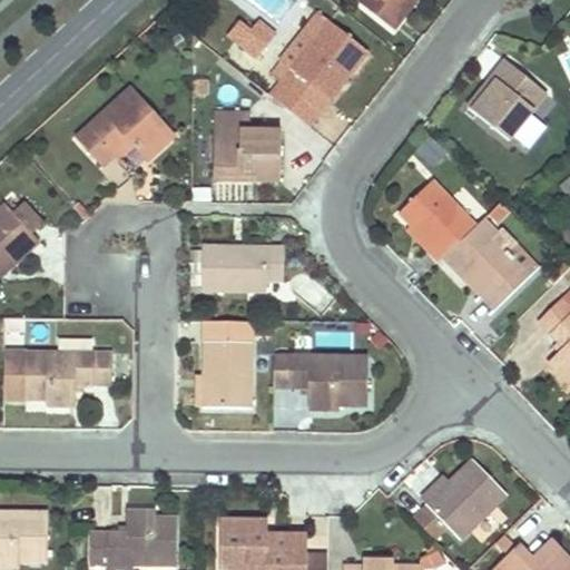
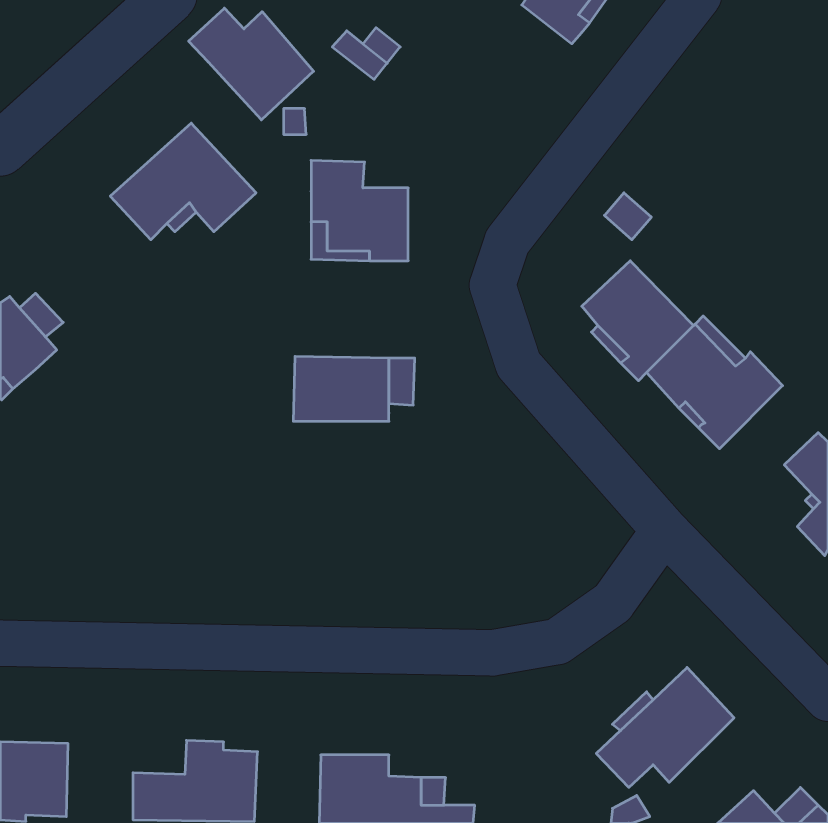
building: none -> [189,8,314,120]
building: [271,8,368,122] -> none
building: [458,58,548,151] -> none
building: [204,320,253,406] -> none
building: [4,351,110,405] -> none
building: [274,353,367,409] -> none

